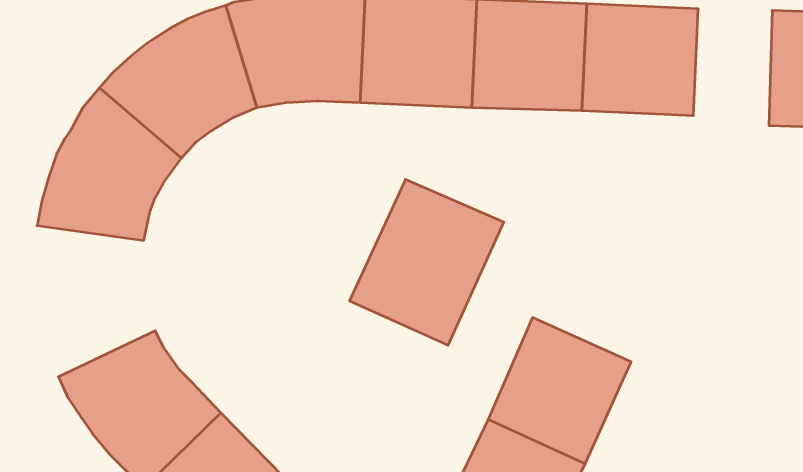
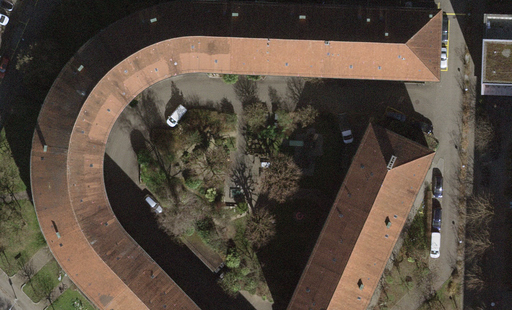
building: [350,179,504,345] -> [338,127,432,228]
building: none -> [34,145,108,237]

